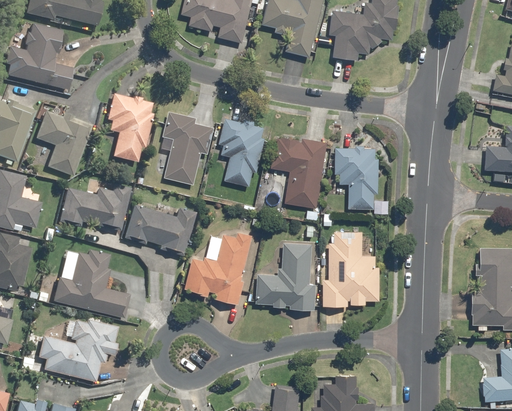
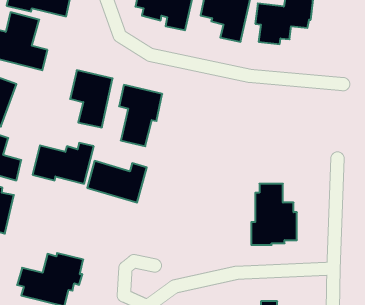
building: [35,108,91,176] -> none
building: [217,118,265,187] -> none
building: [271,136,327,209] -> none
building: [334,147,388,214] -> none
building: [183,231,252,305] -> none
building: [254,242,316,311] -> none
building: [51,245,130,318] -> none

